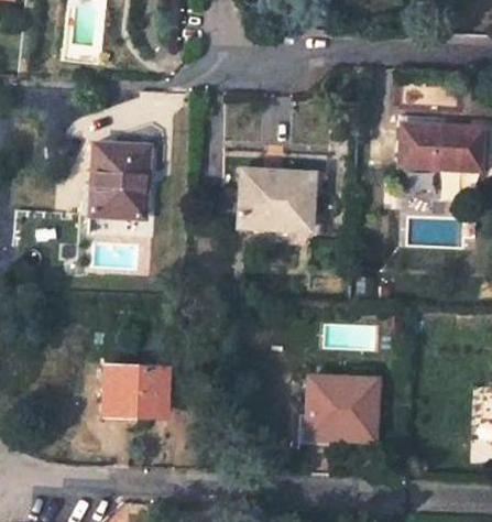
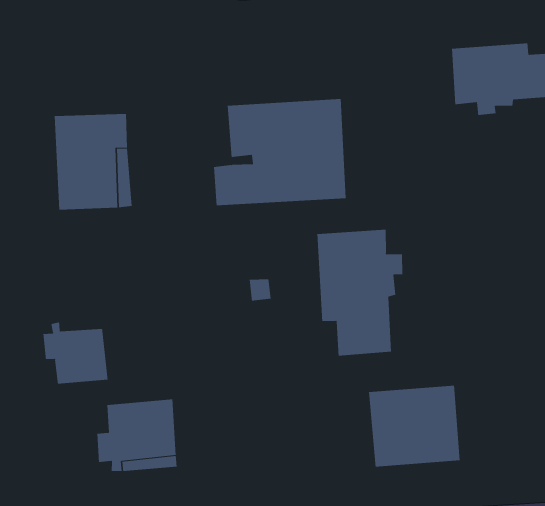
building: none -> [317,229,403,357]
building: none -> [43,322,108,385]

